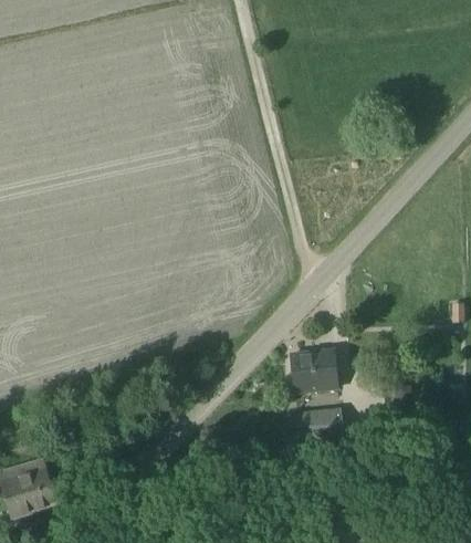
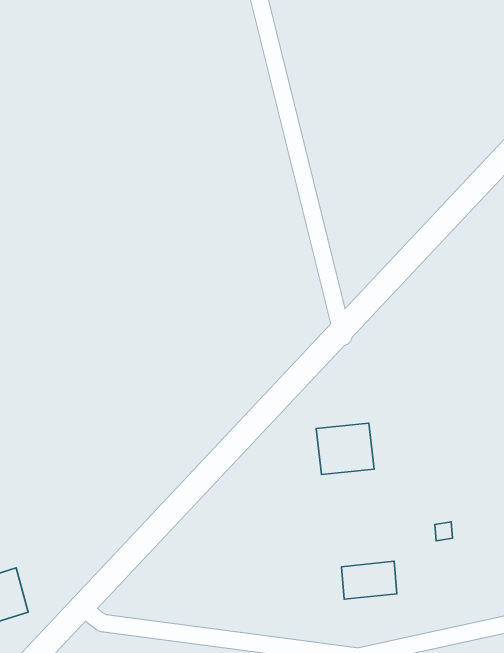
building: [297,409,343,440] -> [341,561,397,599]

